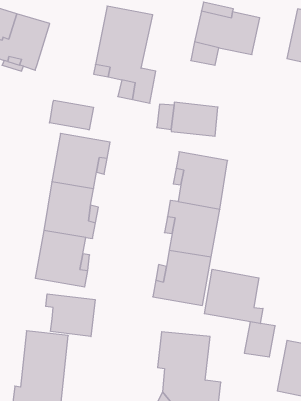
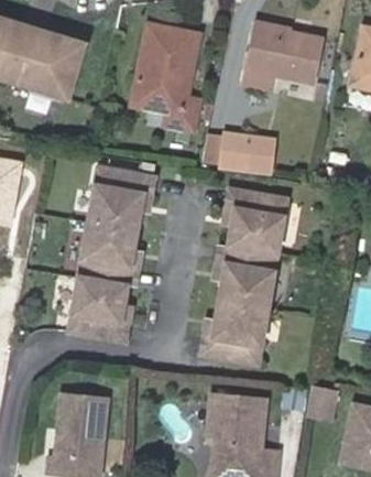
building: [49,100,93,130] -> none
building: [204,269,263,324] -> none
building: [46,294,95,337] -> none

